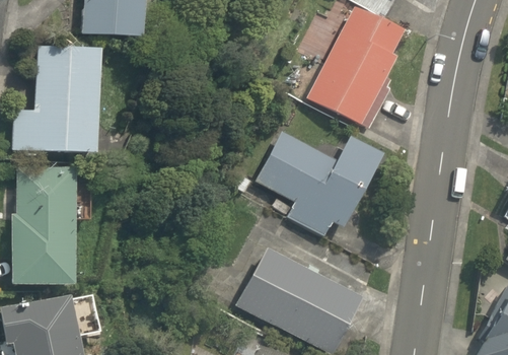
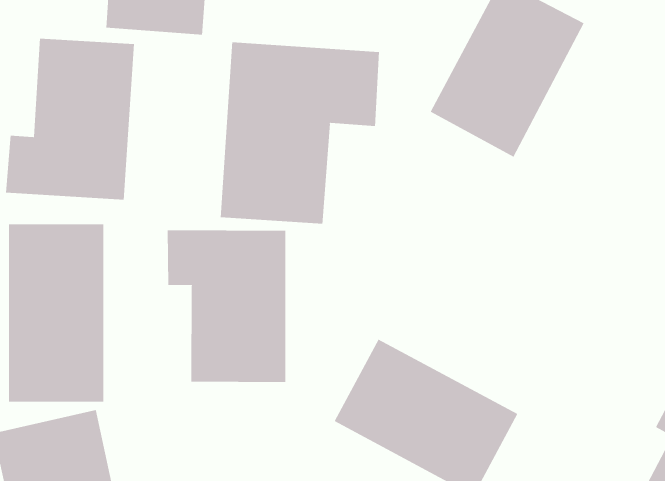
building: none -> [220,42,379,225]
building: [255,130,385,234] -> none
building: none -> [167,230,286,383]

